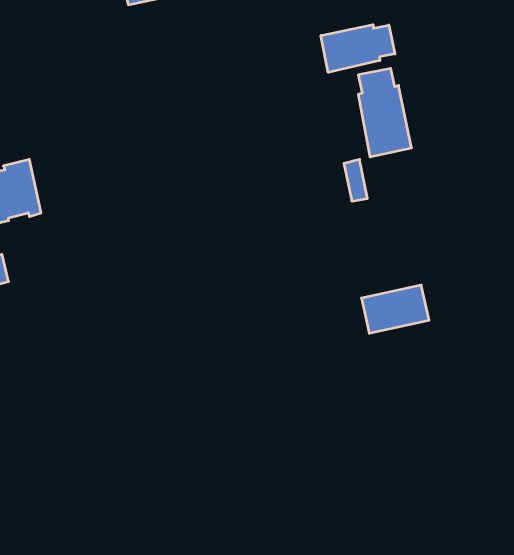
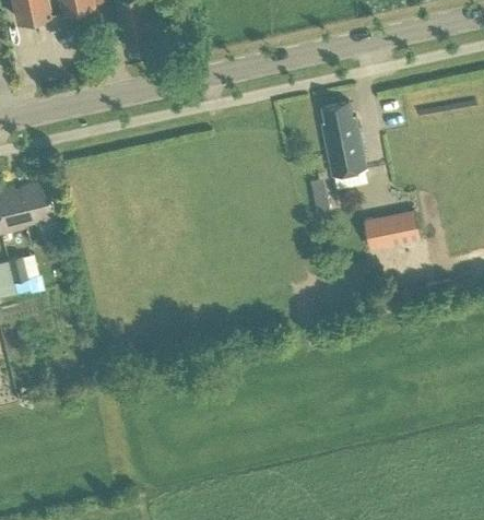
building: [321,25,395,72] -> none
building: [361,285,429,333] -> [364,210,421,250]

